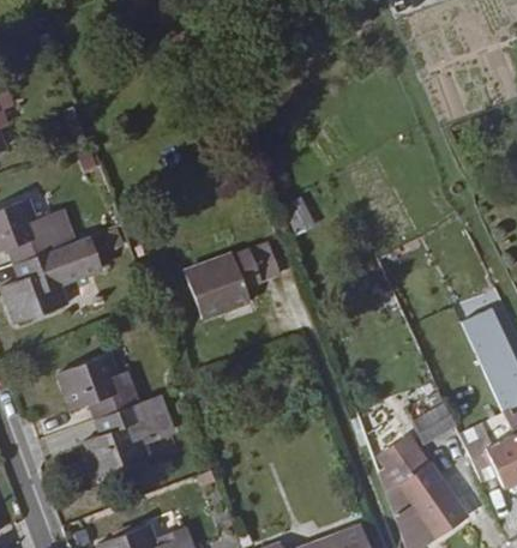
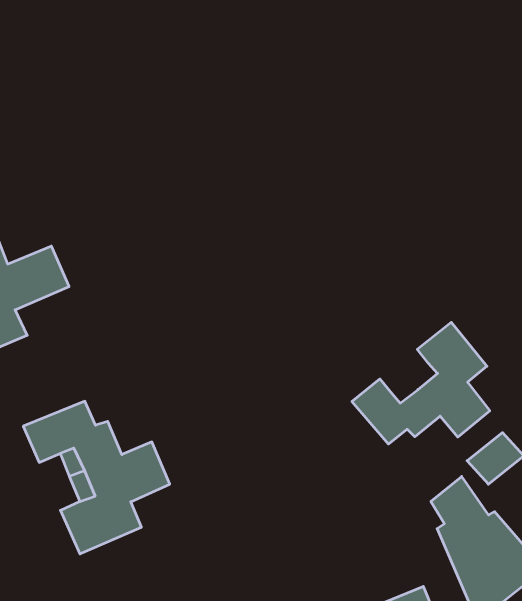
building: [187,236,283,313] -> none
building: none -> [352,322,490,444]

